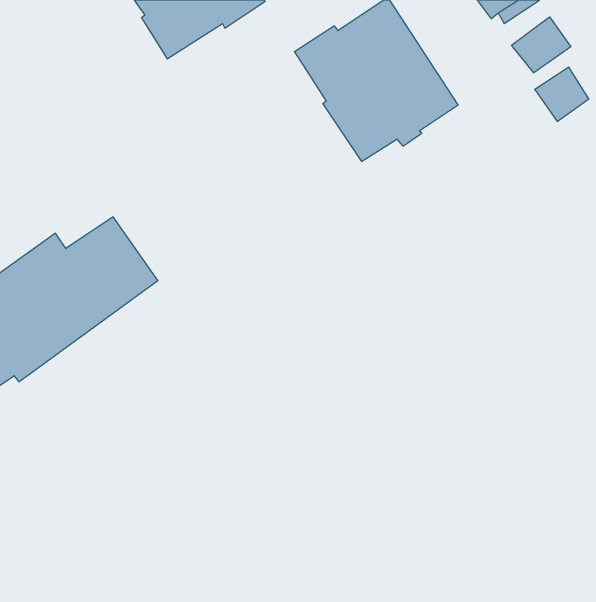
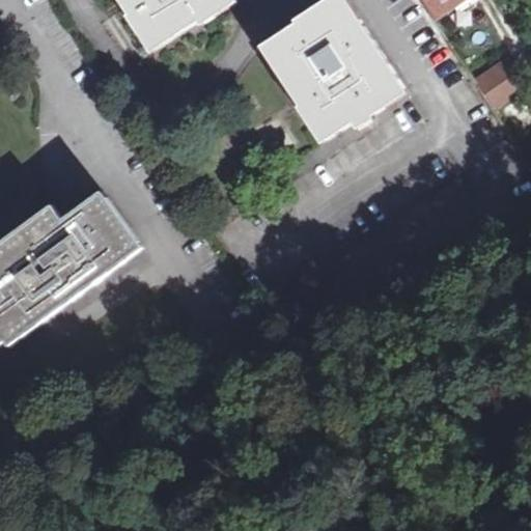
building: [512,17,571,73] -> none

